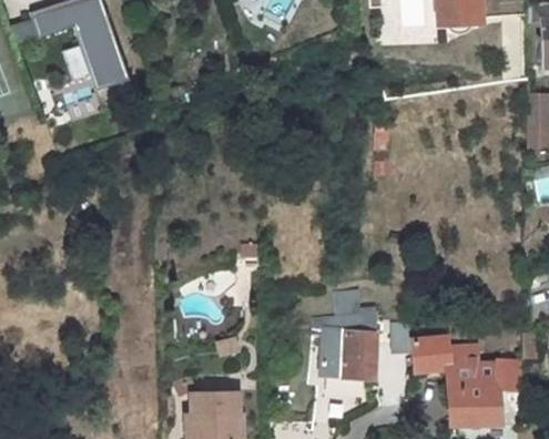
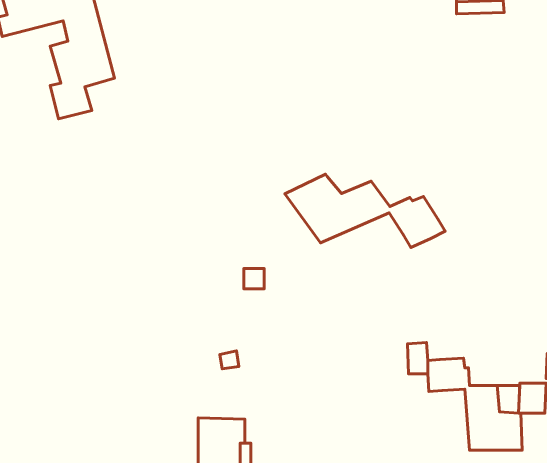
building: none -> [285,174,445,248]
building: [313,293,376,378] -> none

